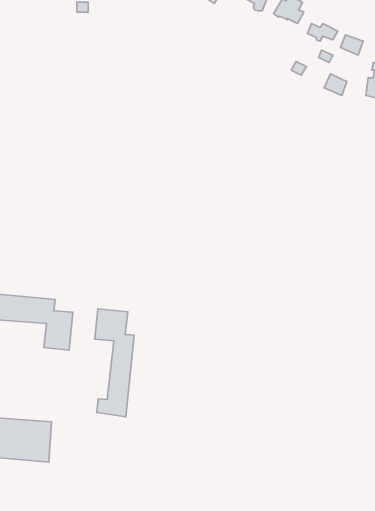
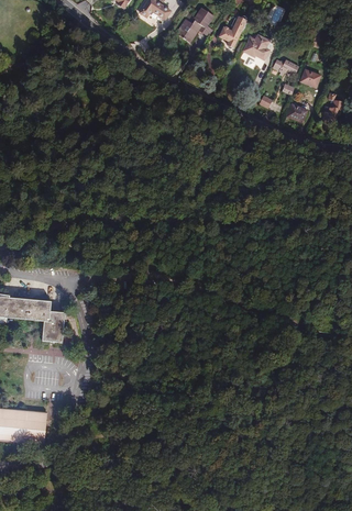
building: [95,309,134,417] -> none

